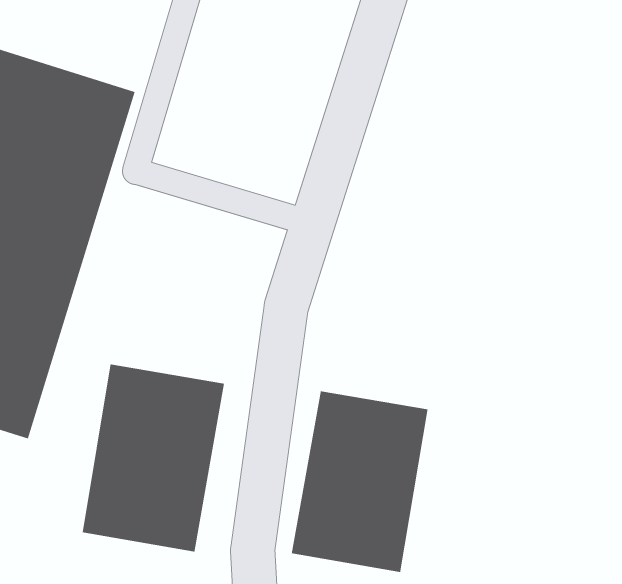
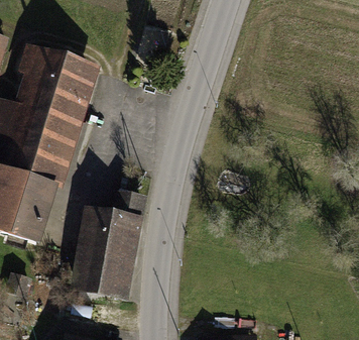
building: [291,391,428,573] -> none

